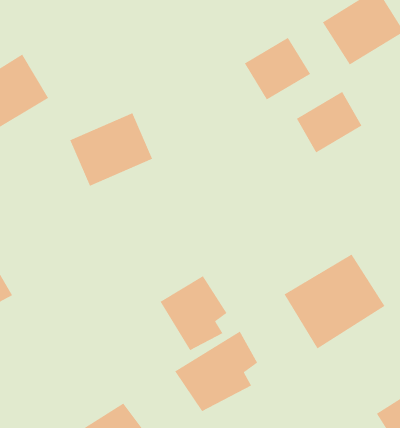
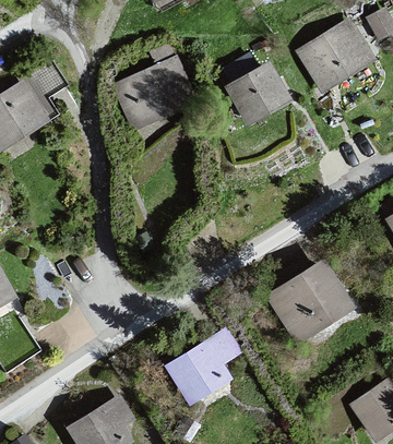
building: [296,91,363,154] -> none
building: [69,112,153,187] -> [117,60,193,128]
building: [159,275,228,351] -> none

